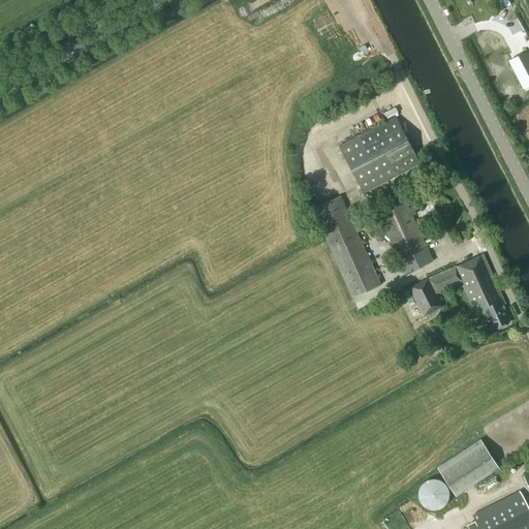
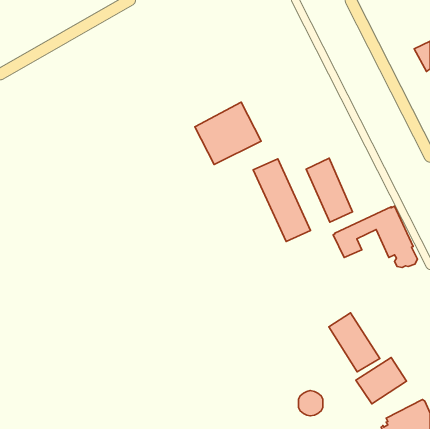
building: [339,117,421,193] -> [195,102,261,165]
building: none -> [329,313,380,372]
building: [418,479,448,510] -> [299,391,323,416]

